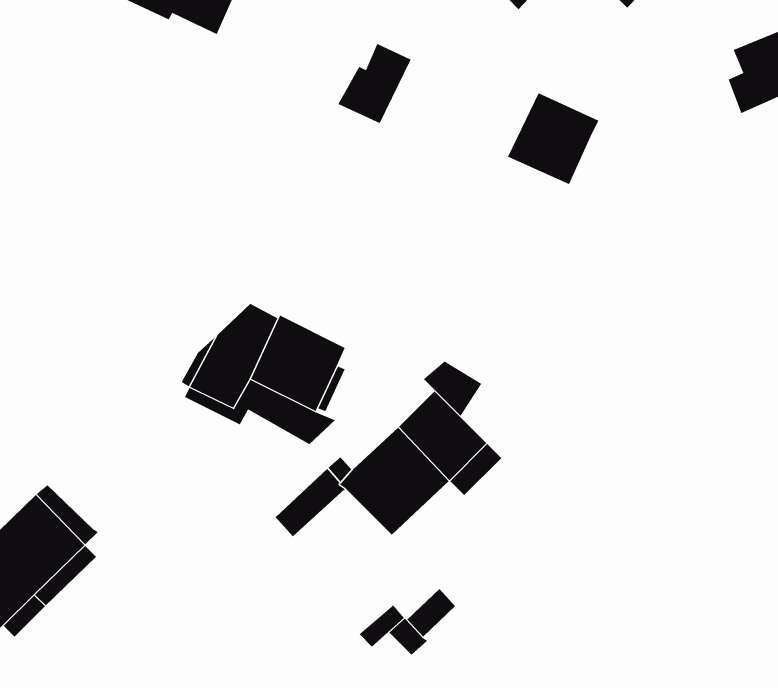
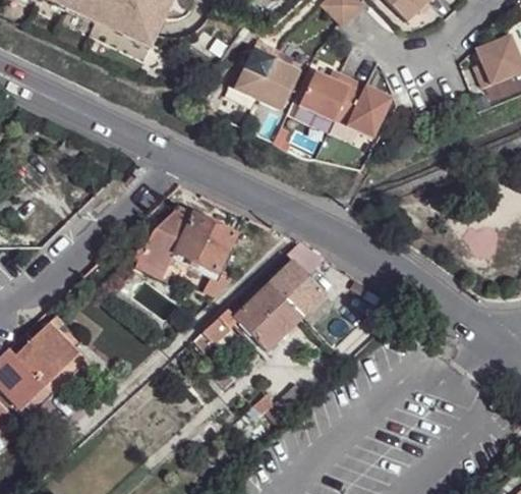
building: none -> [256,57,301,109]
building: none -> [299,67,354,120]

